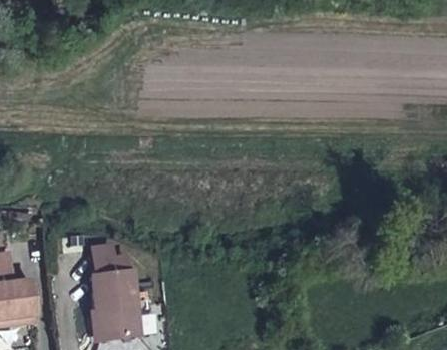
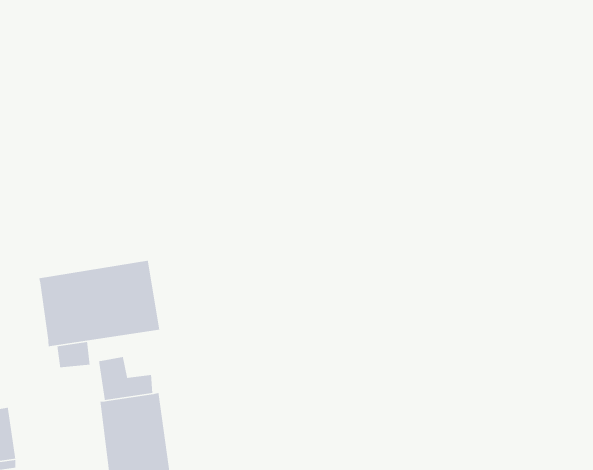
building: none -> [38,260,160,347]

